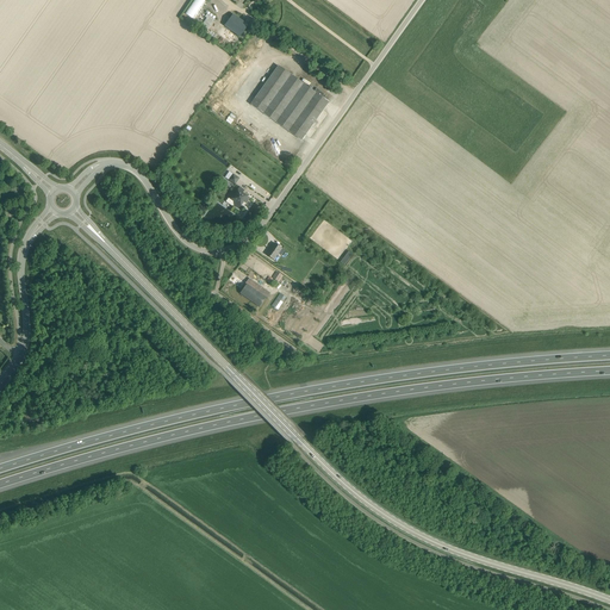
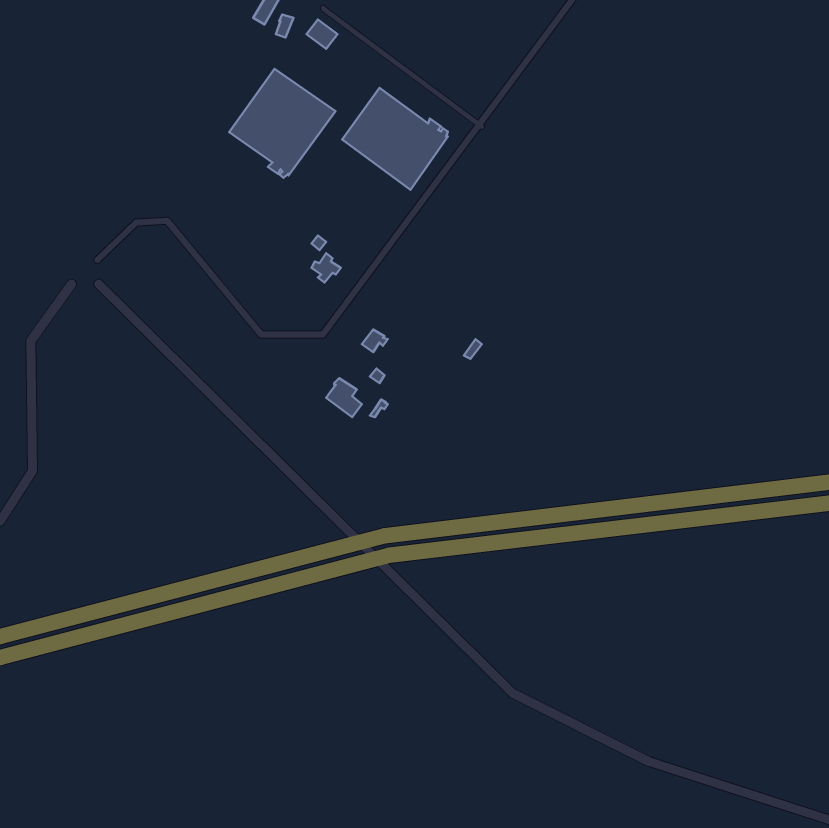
building: none -> [229,69,336,178]

